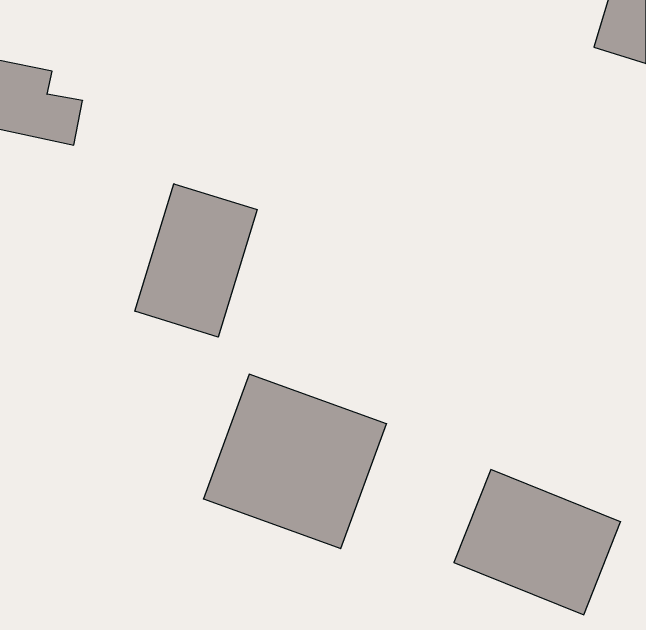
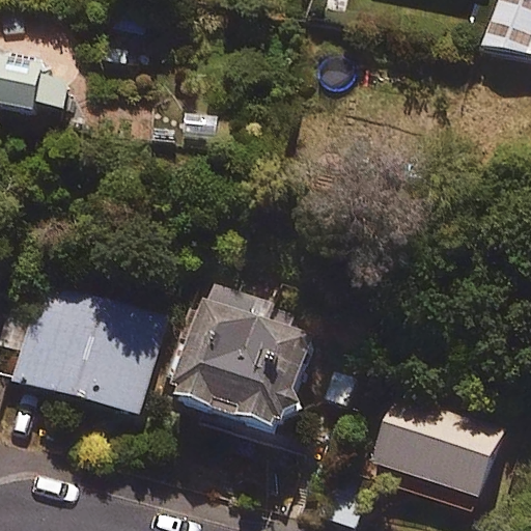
building: [135,184,257,337] -> none
building: none -> [9,267,169,416]

